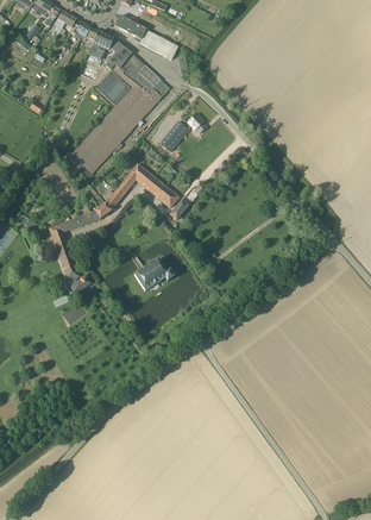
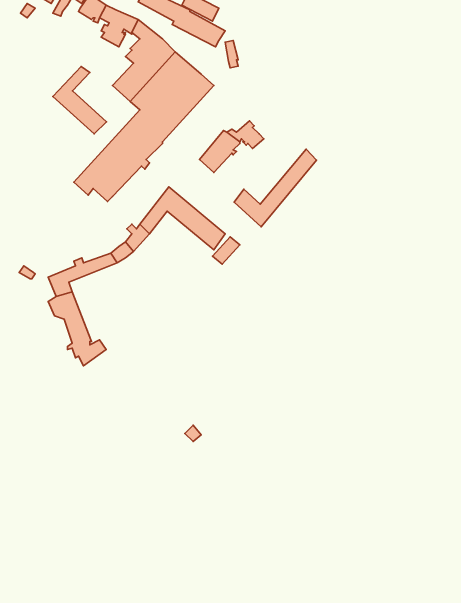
building: none -> [53,66,107,134]
building: none -> [234,149,317,227]
building: [133,258,175,290] -> none

